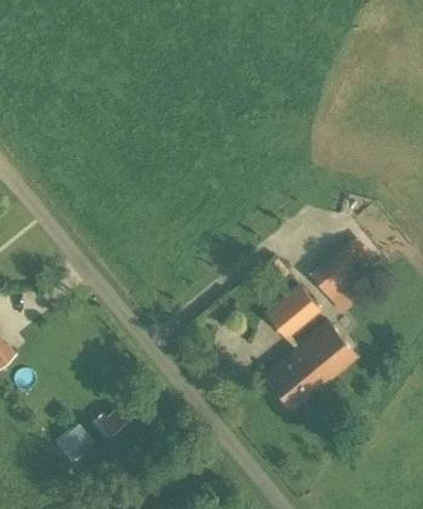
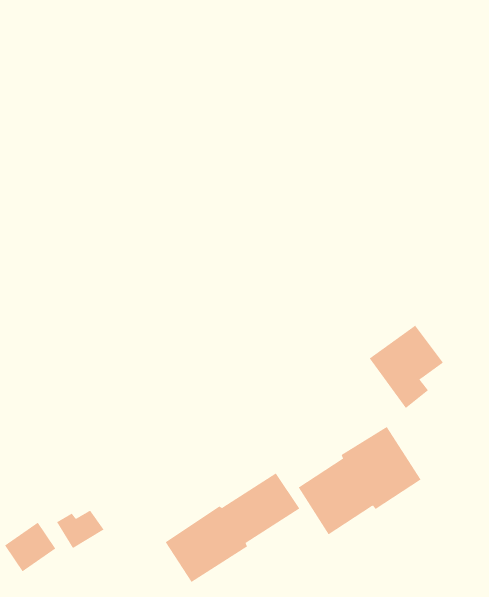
building: [264,287,321,343] -> none
building: none -> [165,472,300,583]

